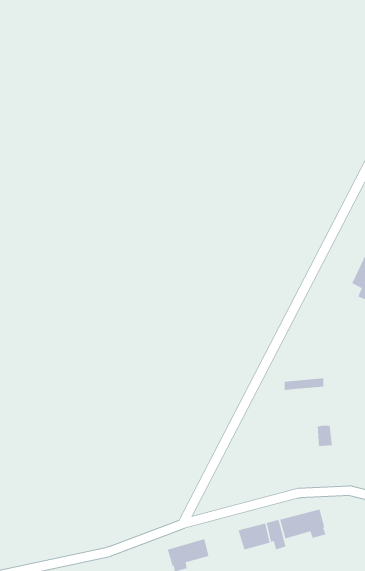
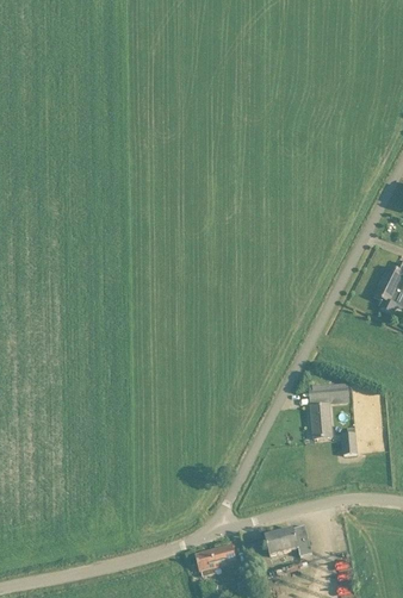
building: none -> [310,401,330,437]
building: [279,509,326,539] -> none

